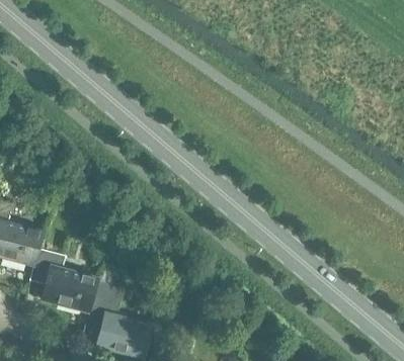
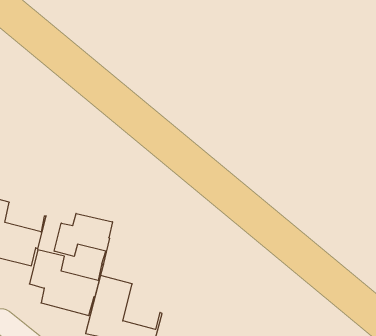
building: none -> [54,213,112,265]

